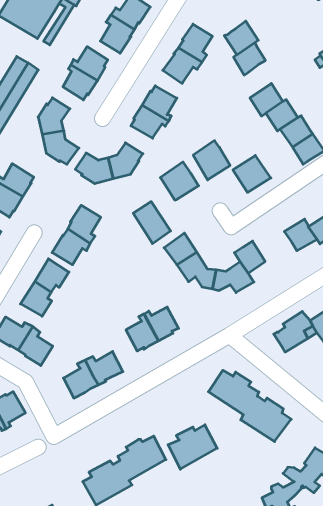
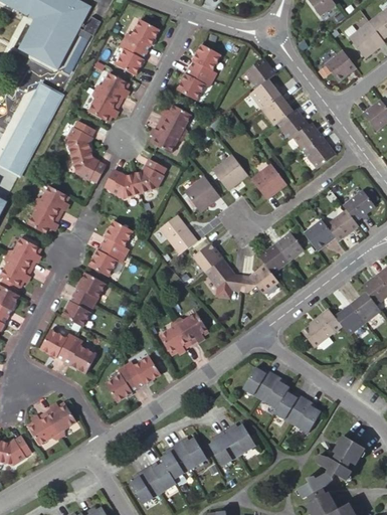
building: [224,21,258,55] -> [249,77,281,110]
building: none -> [274,232,303,262]

